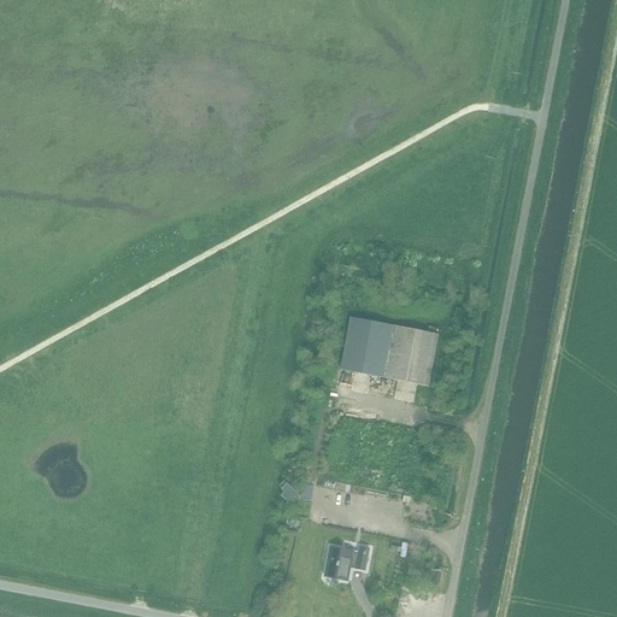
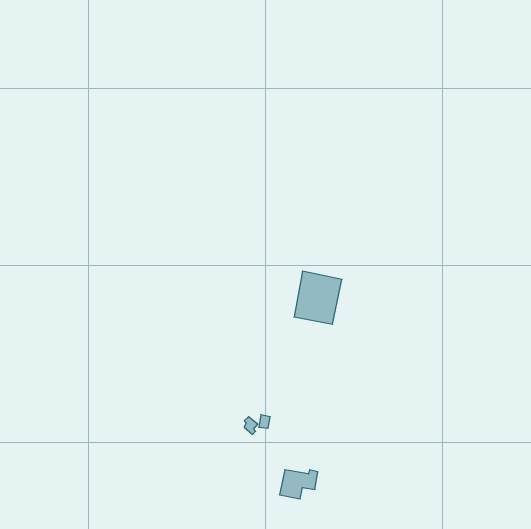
building: [386,324,436,383] -> none

